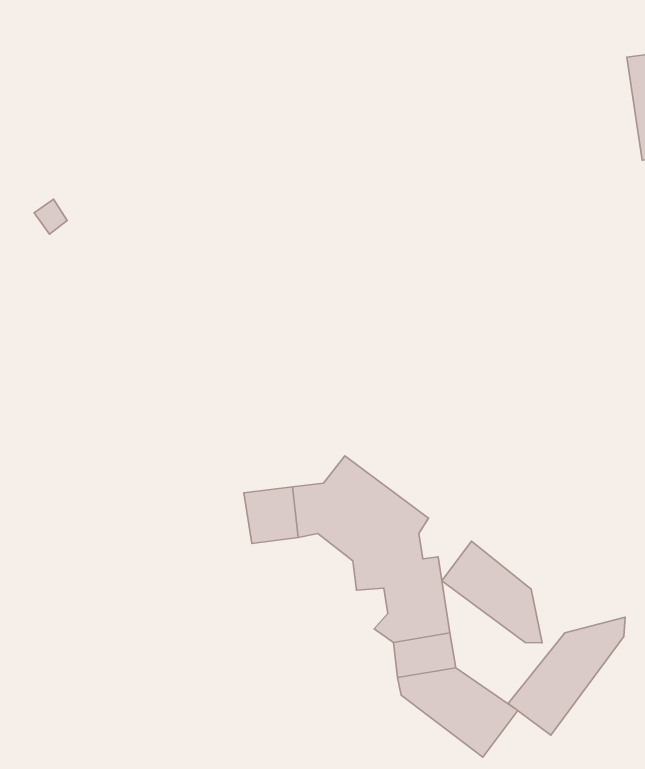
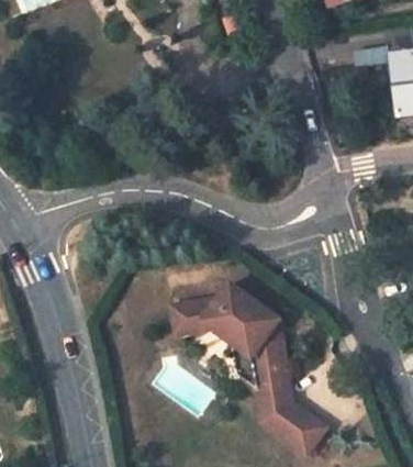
building: [442,541,542,643] -> none
building: [508,617,625,735] -> none

